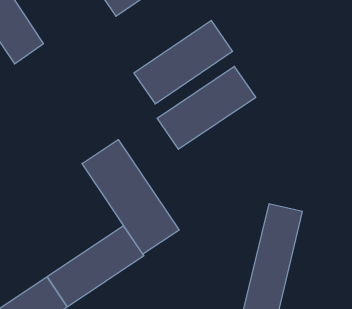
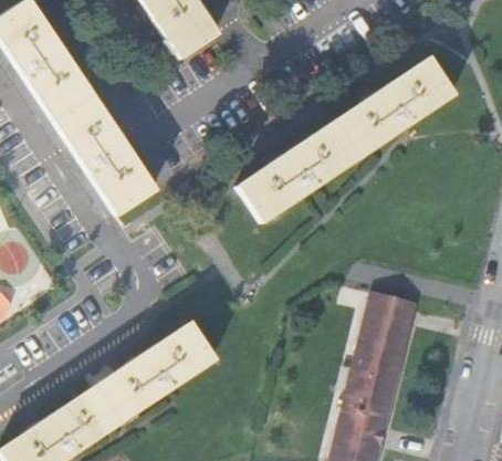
building: [134,20,233,104] -> [331,54,454,159]
building: none -> [54,92,158,217]
building: [82,140,179,254] -> none

